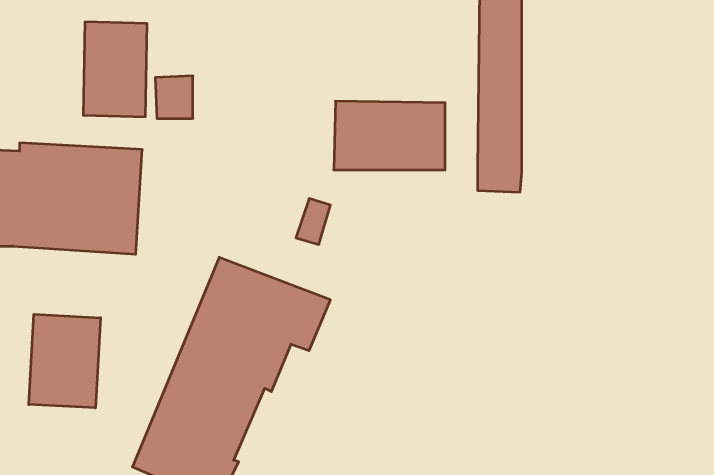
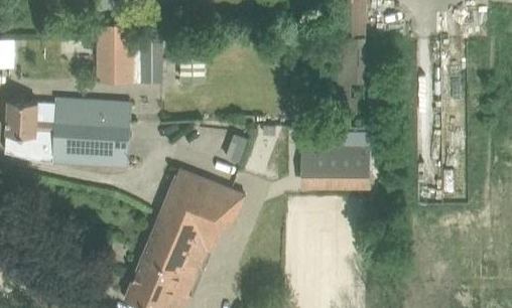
building: [334,101,445,170] -> [301,145,370,187]
building: [29,314,101,408] -> none

